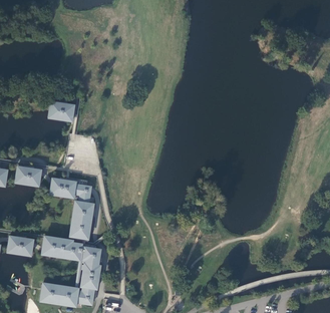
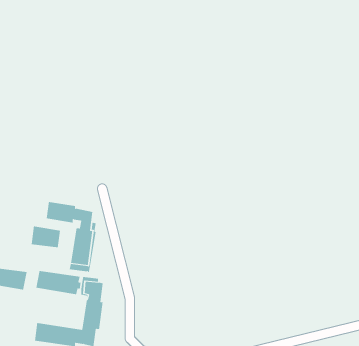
building: [47,101,73,120] -> none
building: [14,166,40,185] -> [31,226,61,248]

